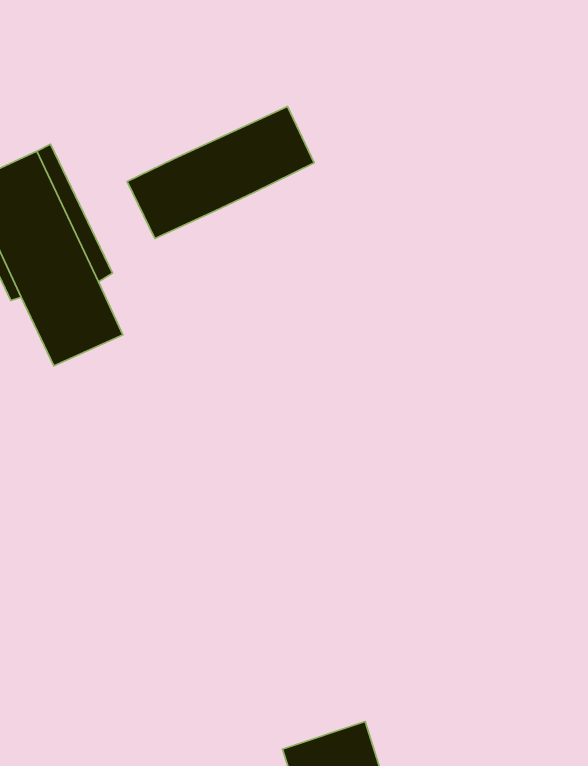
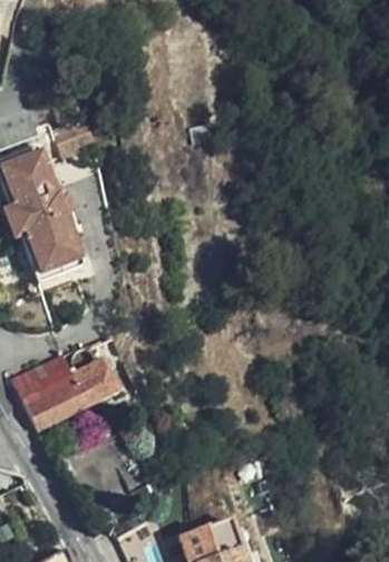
building: [127,106,314,239] -> none
building: none -> [19,353,123,427]

